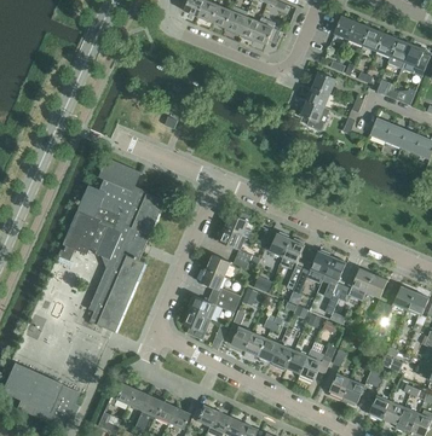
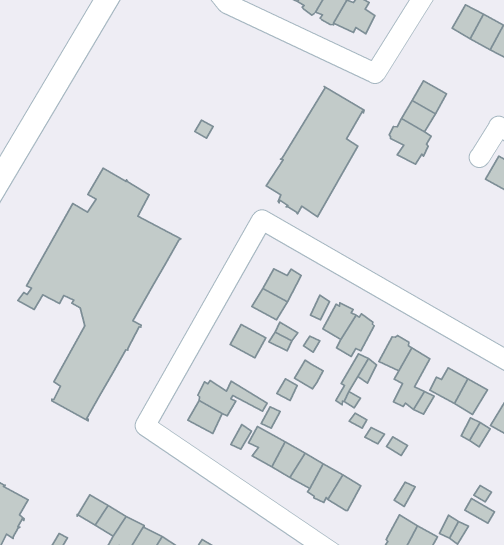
building: none -> [266,86,364,217]
building: [198,269,241,307] -> none
building: [298,345,335,383] -> none

